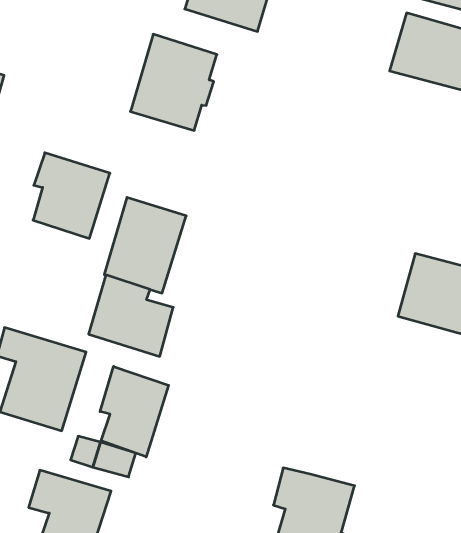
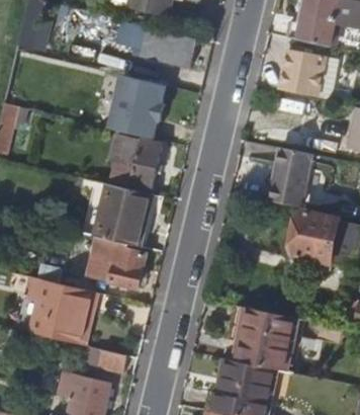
building: [33,153,110,238] -> [108,134,159,189]
building: none -> [266,147,310,205]
building: [100,366,169,457] -> none
building: none -> [241,307,303,372]

